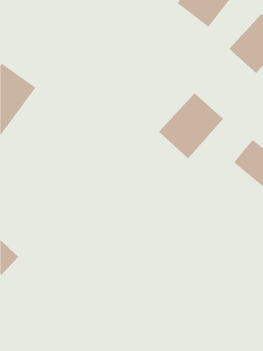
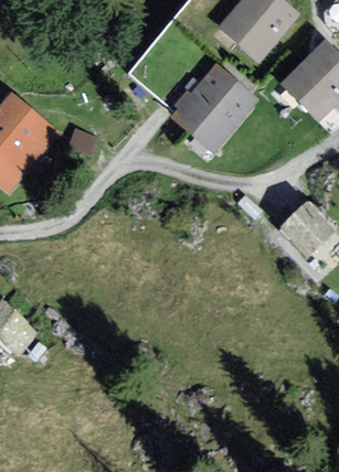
building: [158,92,224,159] -> [176,69,255,150]

